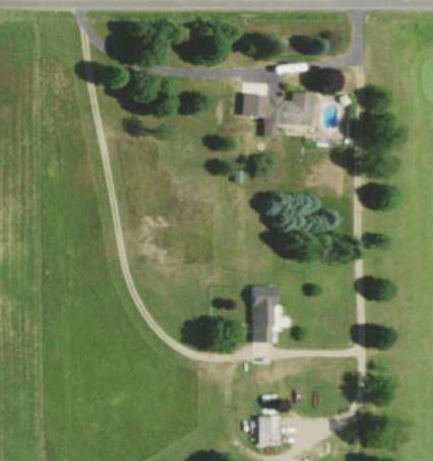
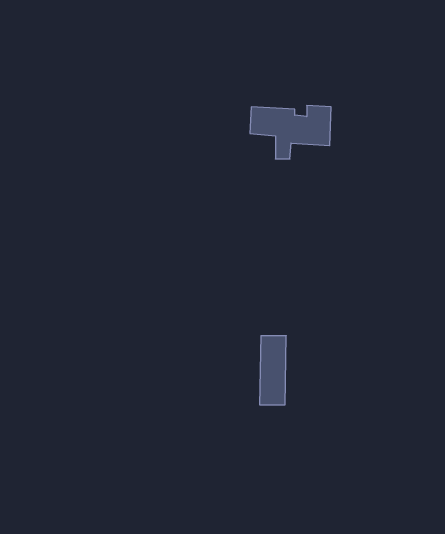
building: [258,416,281,445] -> none

